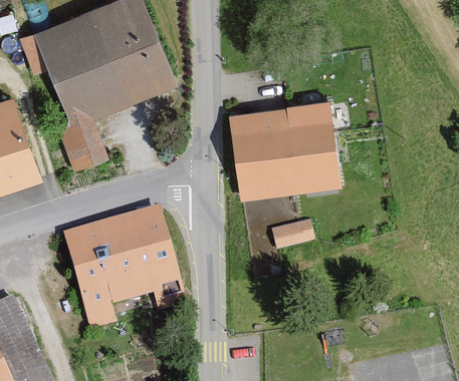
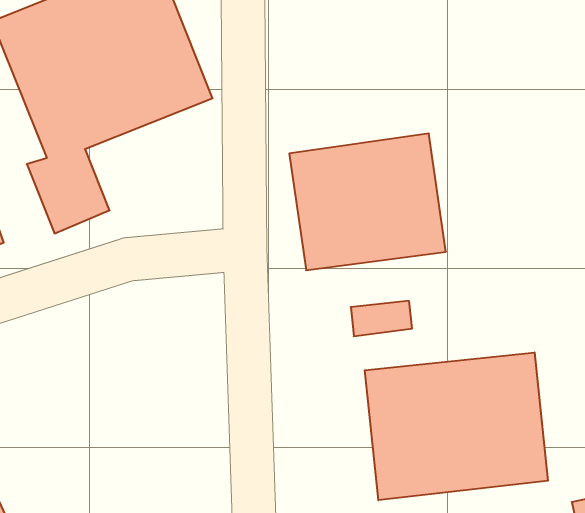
building: [64,210,181,315] -> none
building: none -> [365,352,548,500]

